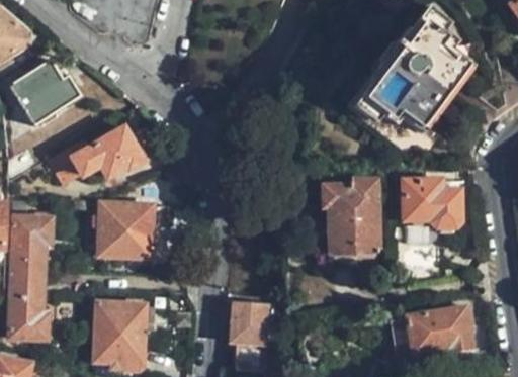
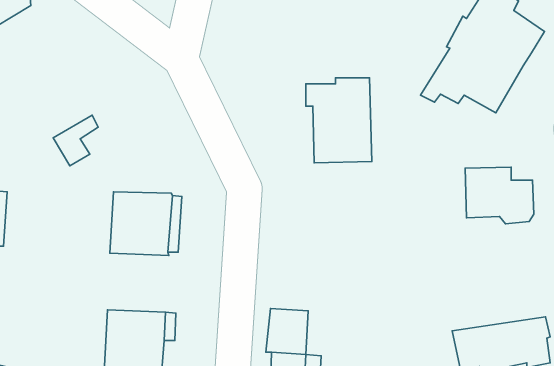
building: [9,57,82,122] -> none
building: [73,126,144,177] -> none
building: [323,181,379,254] -> [306,78,372,163]
building: [9,215,52,338] -> none

